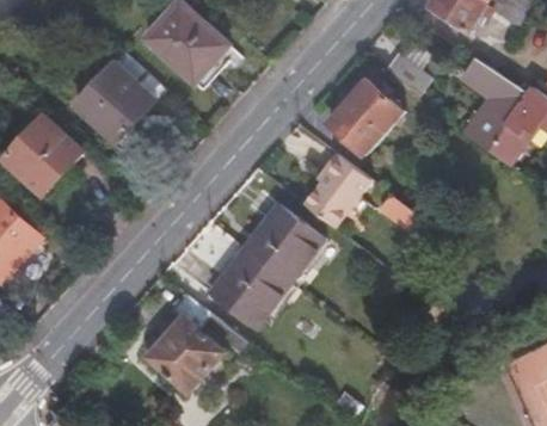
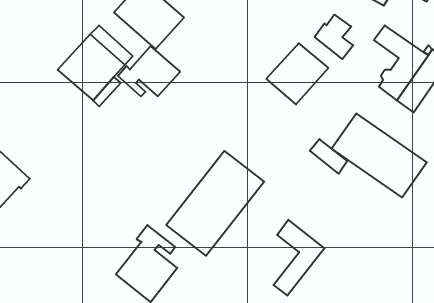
building: none -> [118,46,180,96]
building: [12,125,92,204] -> none
building: [306,150,370,223] -> none
building: none -> [332,113,427,197]
building: none -> [274,220,325,296]

